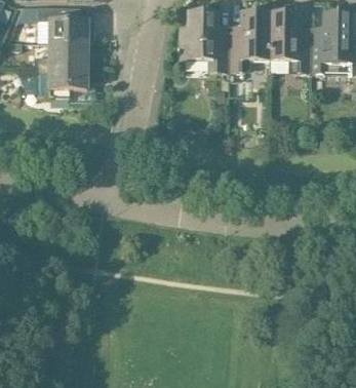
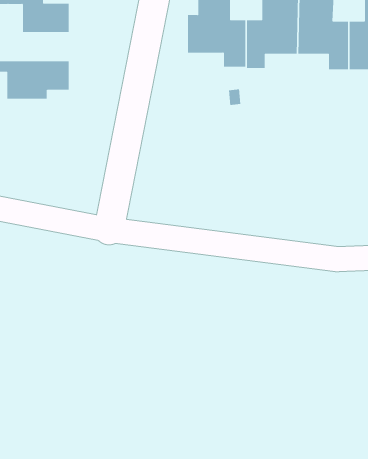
building: [38,41,87,64] -> none

